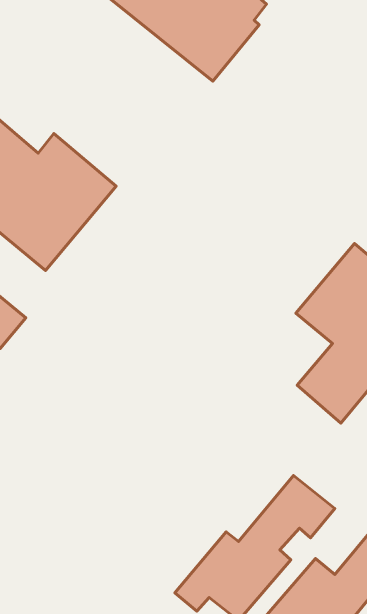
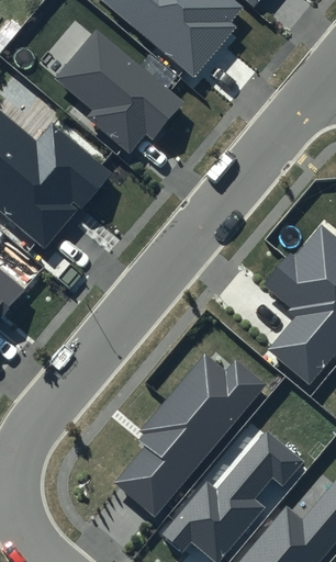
building: none -> [54,27,184,153]
building: none -> [113,353,266,518]

